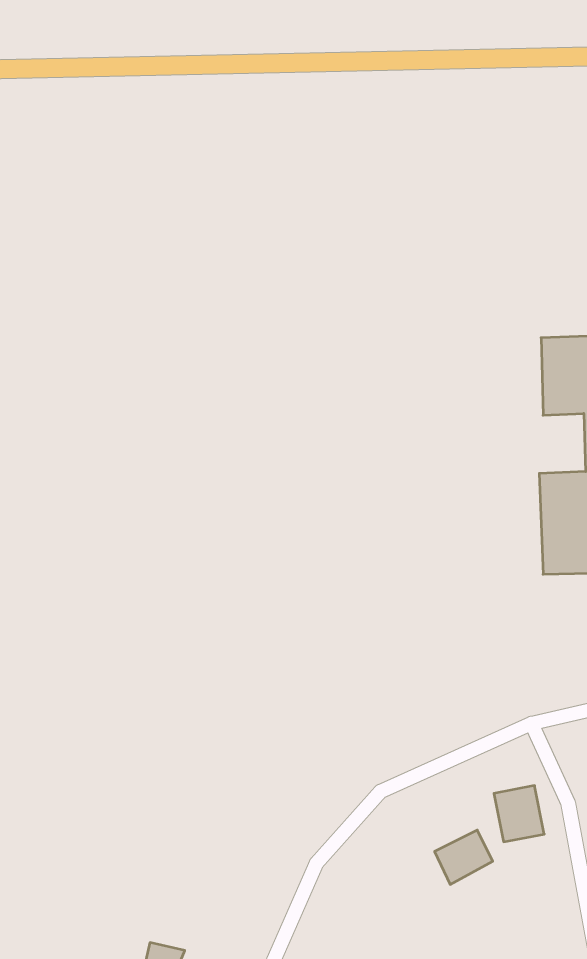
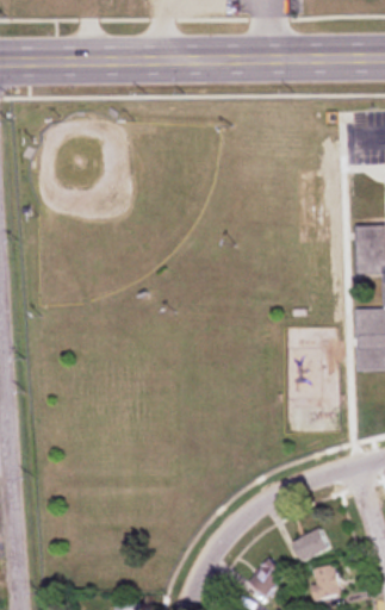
building: [494,786,544,842] -> [308,564,339,598]
building: none -> [247,558,284,595]

